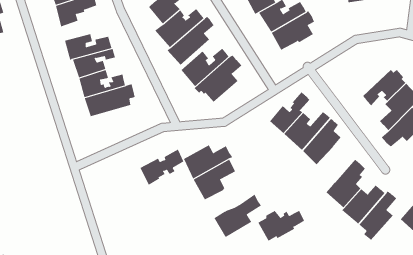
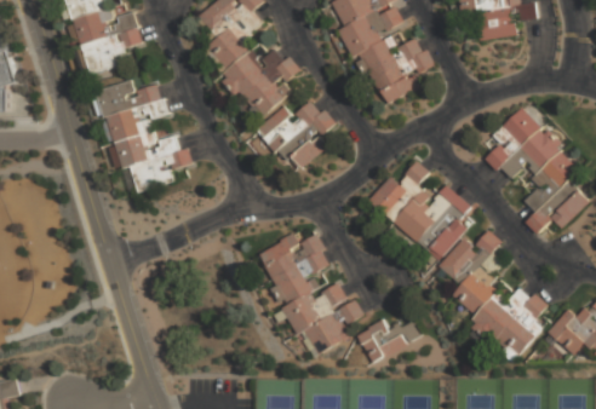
building: none -> [483,109,537,169]
building: none -> [437,229,498,284]
building: [140,149,184,186] -> [285,281,345,330]

